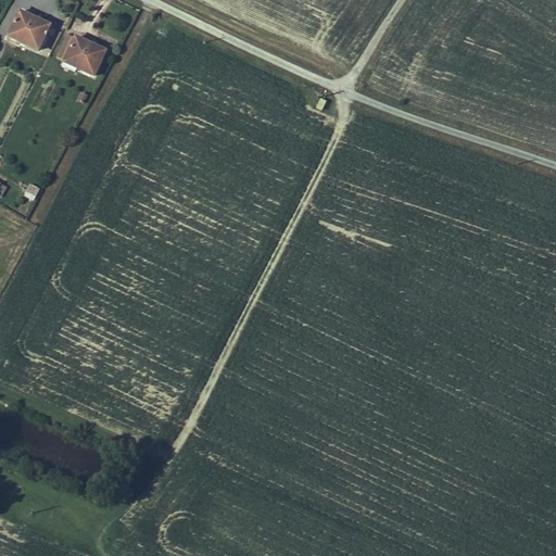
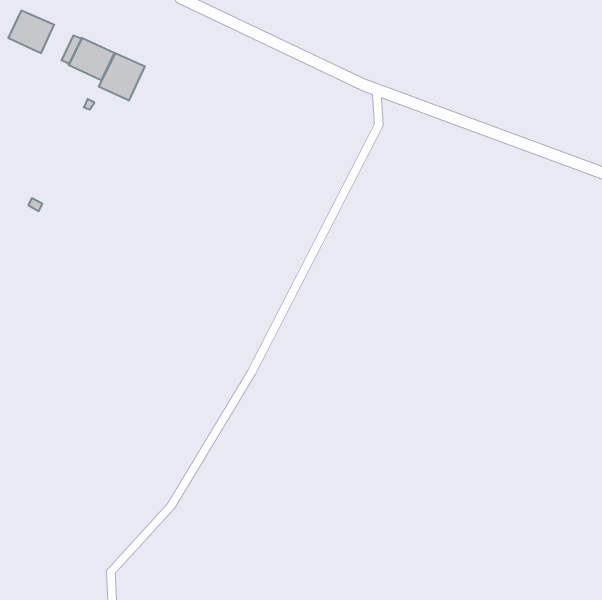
building: none -> [99,53,145,101]

